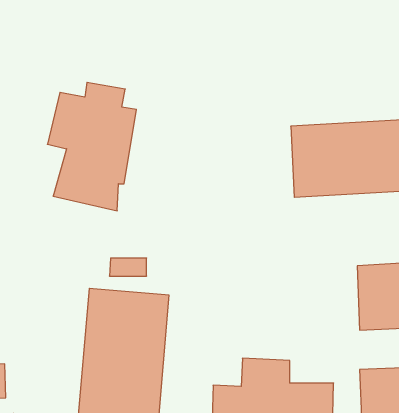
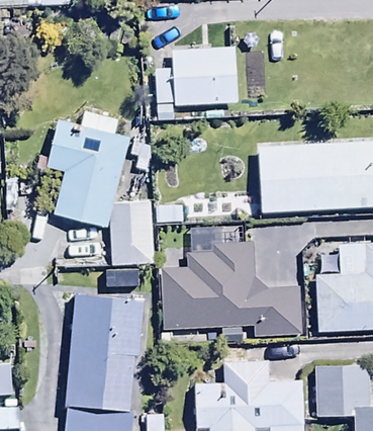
building: none -> [159,47,239,107]
building: none -> [106,199,148,264]
building: none -> [155,240,296,342]

